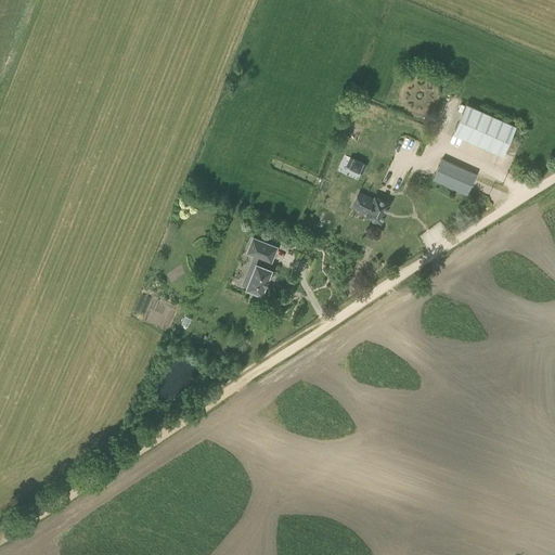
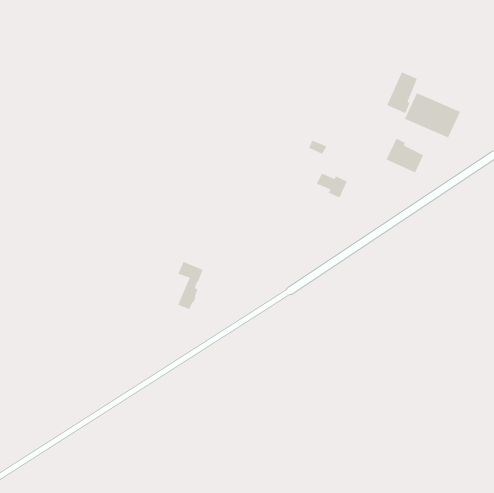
building: none -> [386,71,418,114]
building: [247,240,276,295] -> [177,261,203,310]

